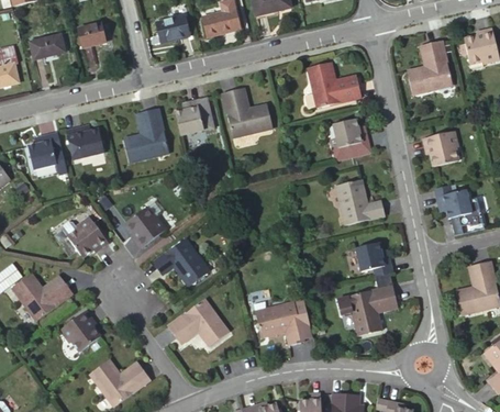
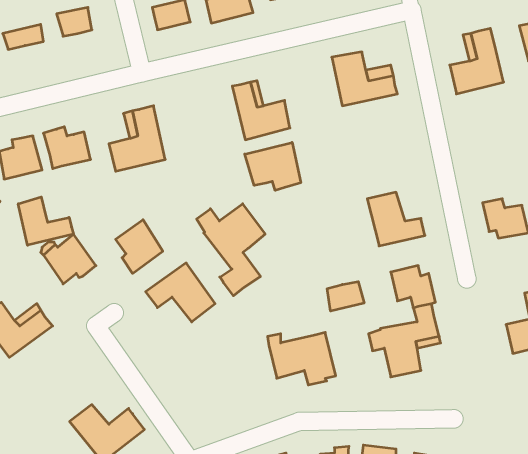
building: [171,97,210,136] -> none
building: [332,118,369,158] -> none
building: [422,131,459,165] -> none
building: none -> [245,142,301,190]
building: none -> [18,197,74,245]
building: none -> [197,204,265,296]
building: none -> [327,282,364,311]
building: [166,296,227,344] -> none
building: [59,307,99,350] -> none

